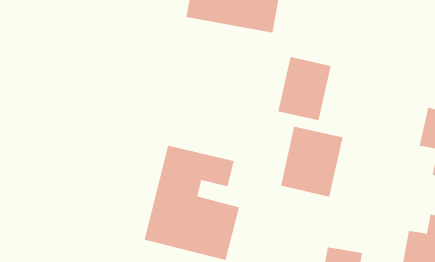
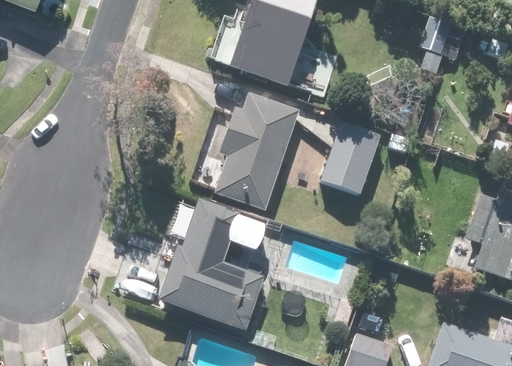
building: none -> [216,92,297,209]
building: [280,126,343,197] -> none

